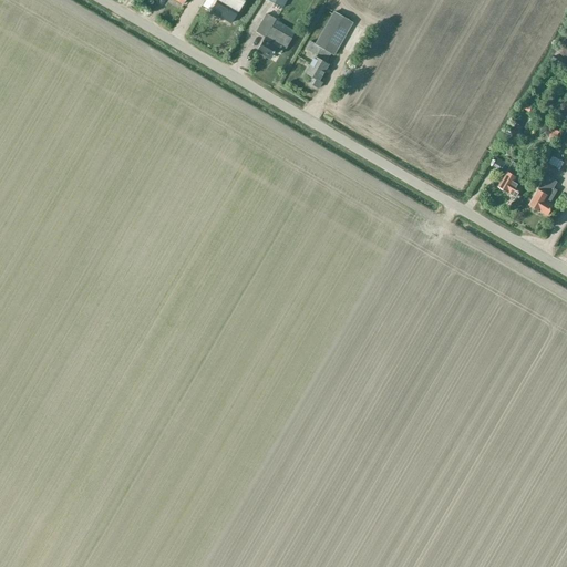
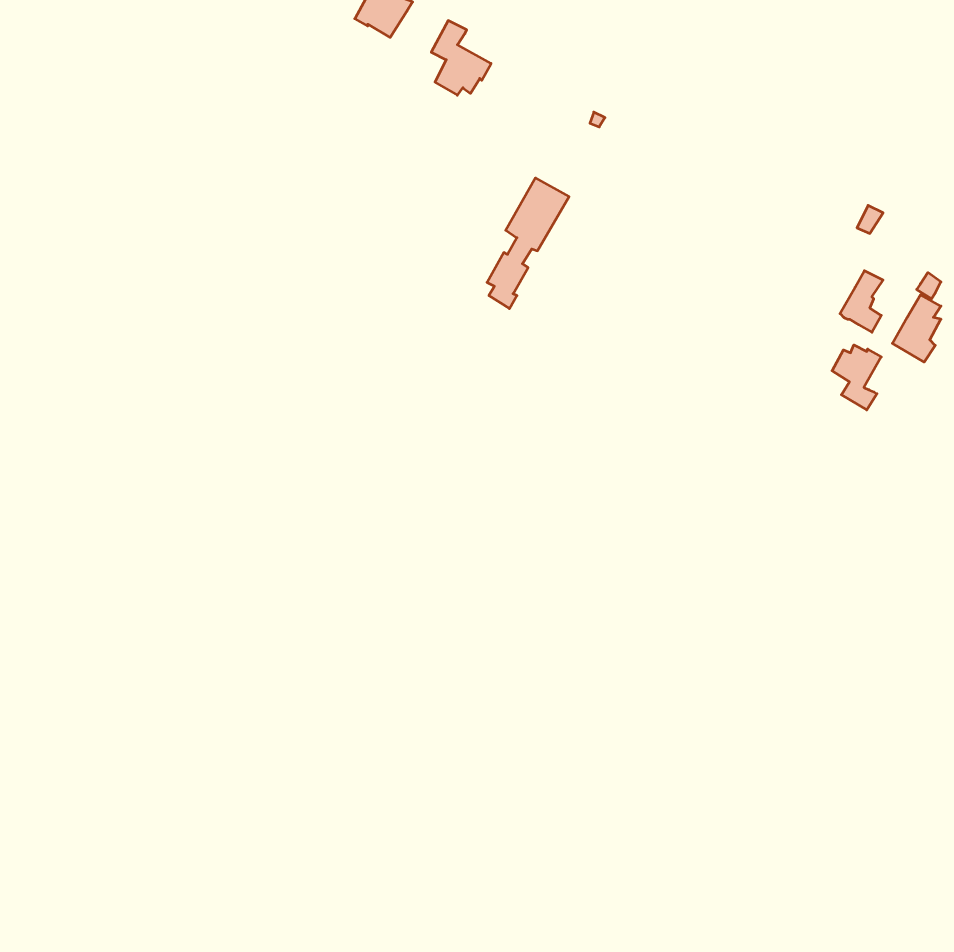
building: [305,11,353,89] -> [487,178,569,309]
building: none -> [832,345,881,410]

